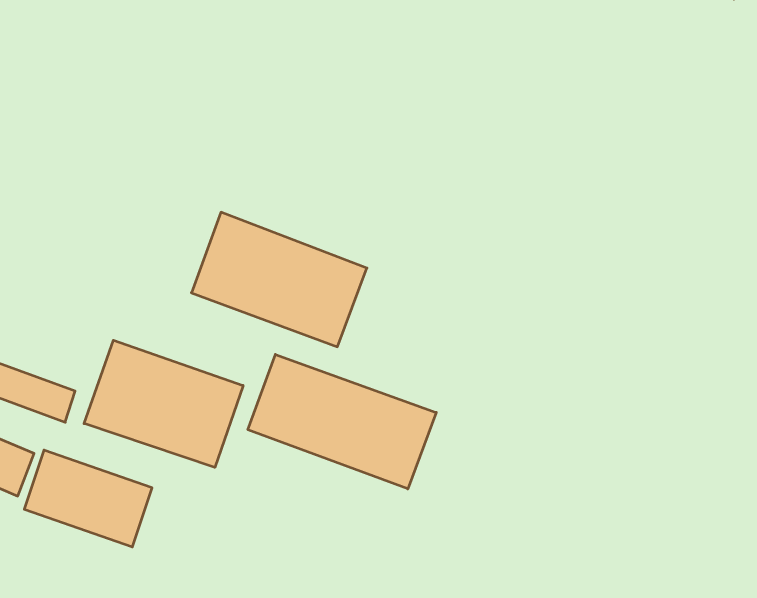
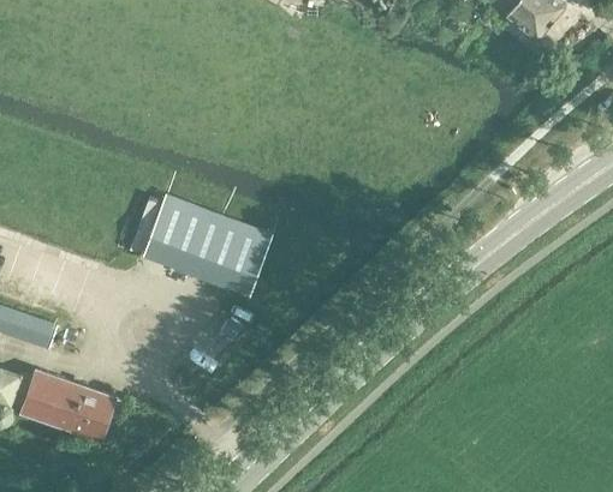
building: [84,340,243,467] -> none
building: [248,354,436,489] -> none

